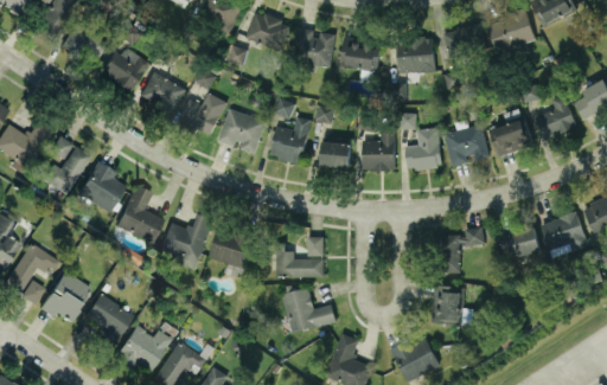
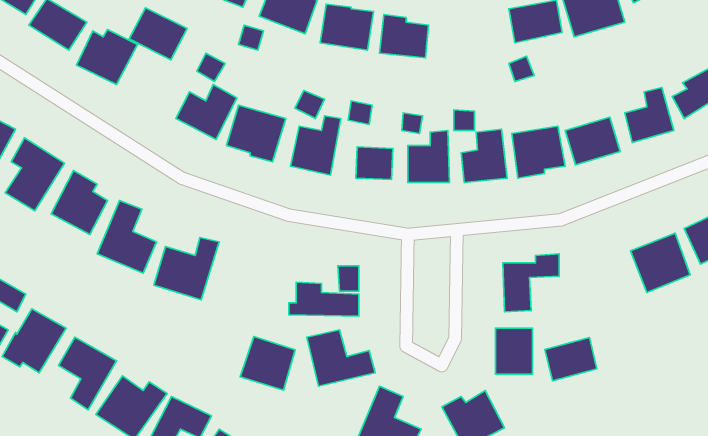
building: [397,38,435,75] -> none
building: [139,72,185,114] -> [129,8,187,60]
building: [209,226,253,269] -> [240,337,295,390]
building: [499,226,541,261] -> [545,338,597,381]

